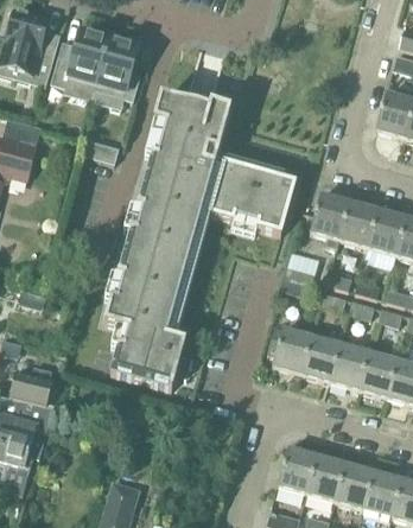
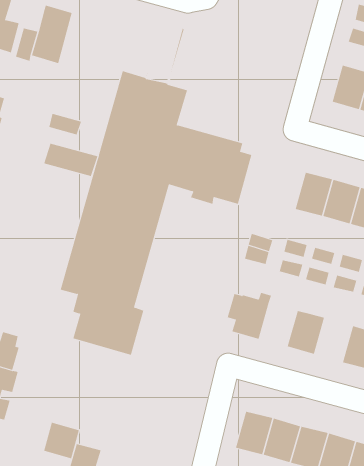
building: [96,38,141,101] -> none
building: none -> [43,143,98,177]
building: [311,193,350,247] -> none
building: [303,336,342,381] -> none
building: [360,351,399,397] -> none
building: none -> [43,422,80,459]

